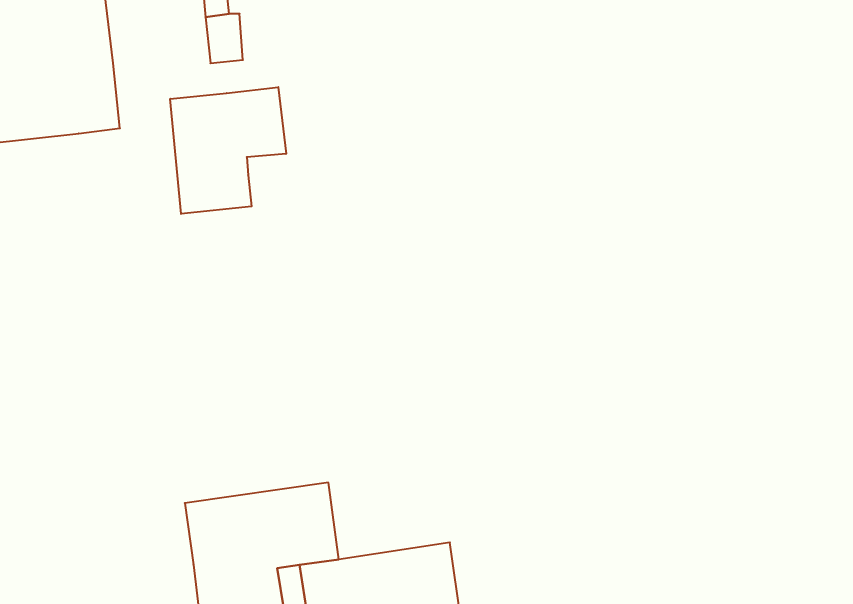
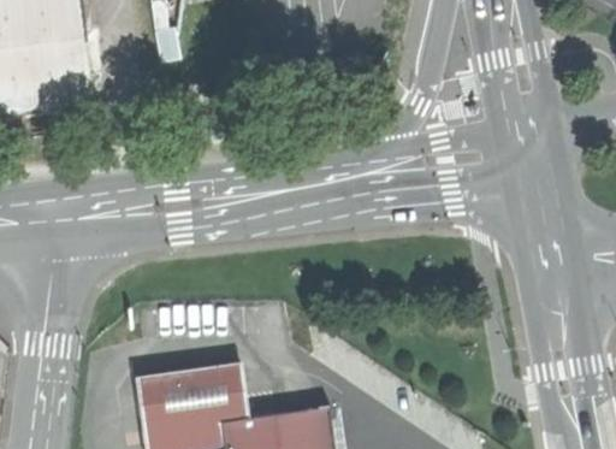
building: [170,87,286,214] -> none

